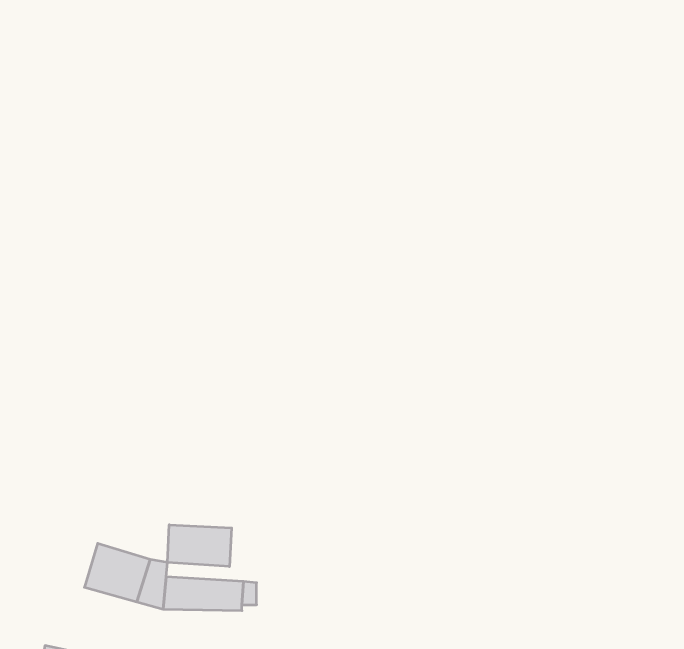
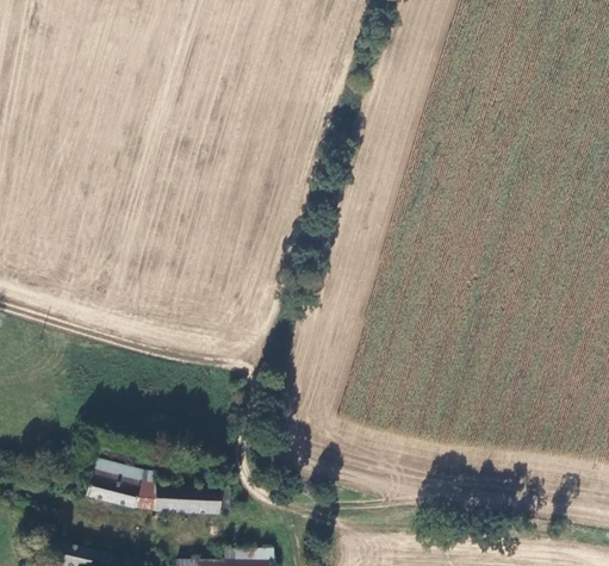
building: [168,525,232,567] -> none

